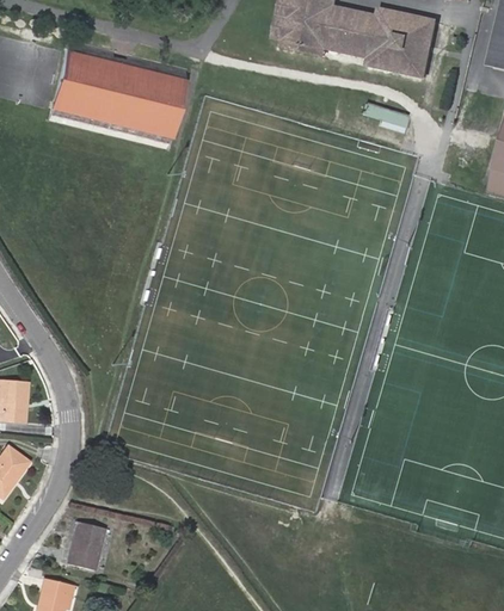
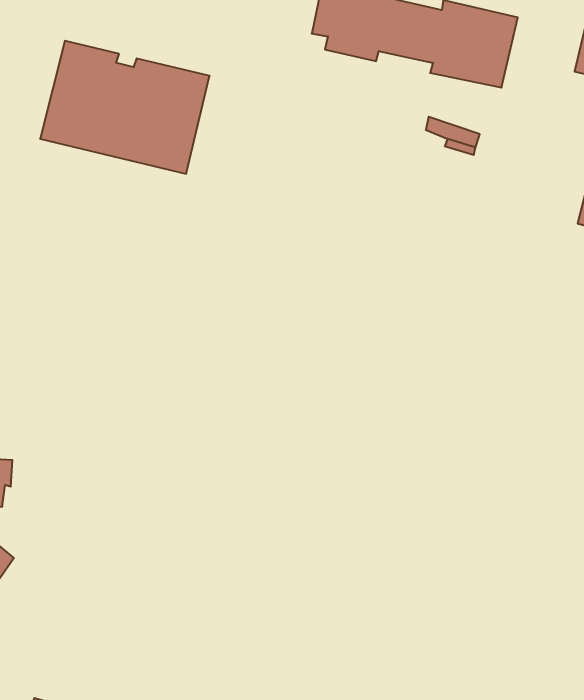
building: [68,520,105,568] -> none

